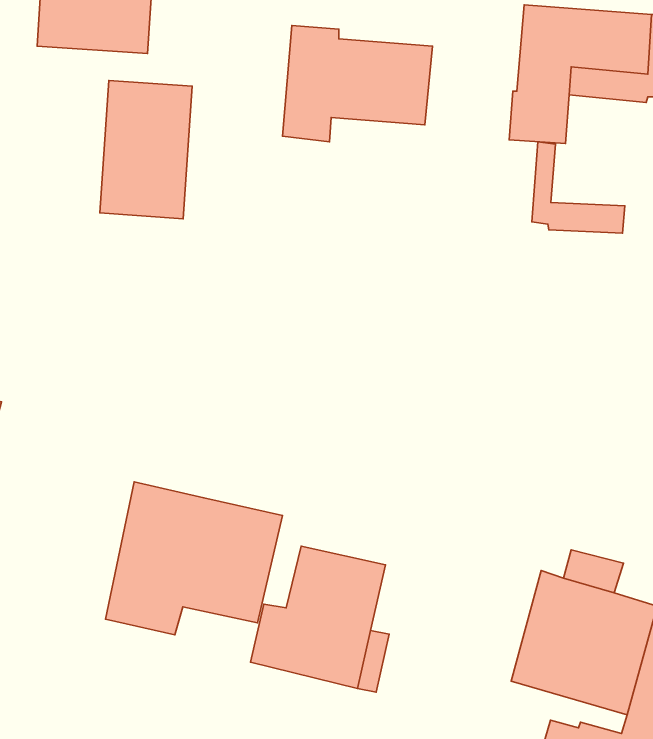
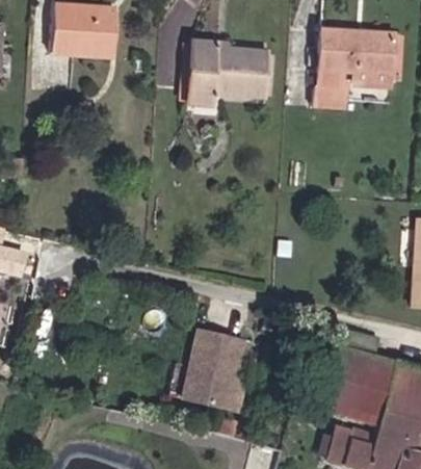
building: [100,80,192,219] -> none
building: [532,142,625,233] -> none
building: [105,482,282,635] -> none

